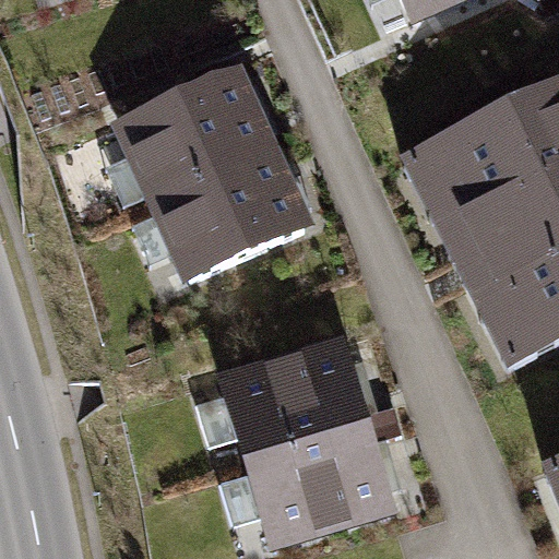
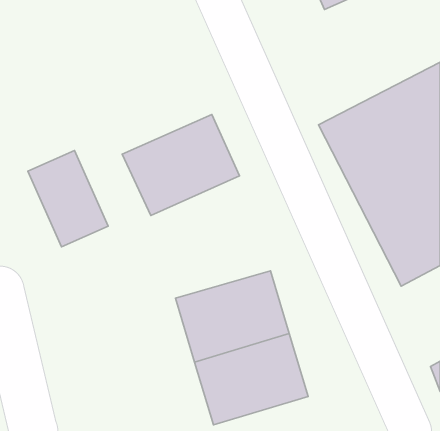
building: [121,69,269,195] -> none
building: none -> [28,151,108,247]

